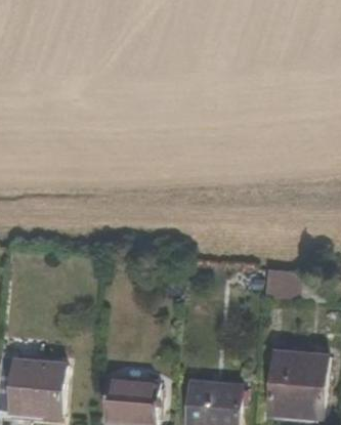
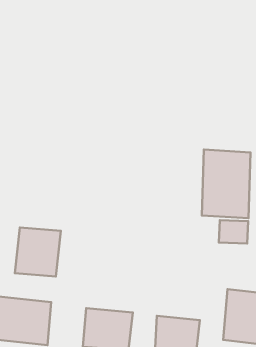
building: none -> [202,150,250,218]
building: none -> [15,228,61,276]

